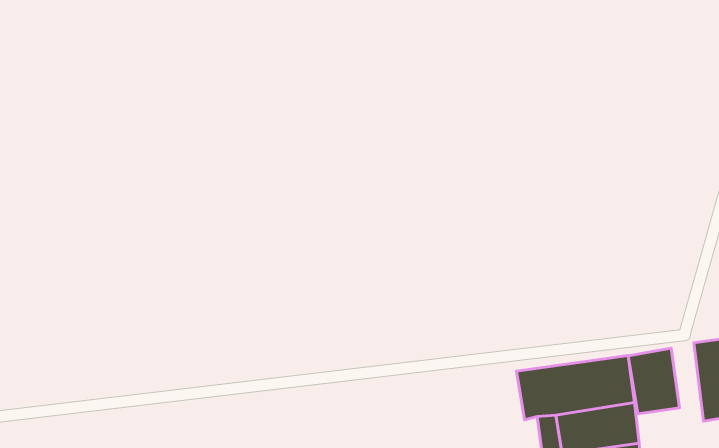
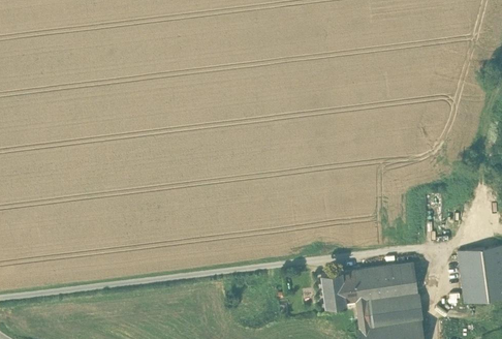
building: [628,348,679,414] -> none
building: none -> [319,273,346,308]

